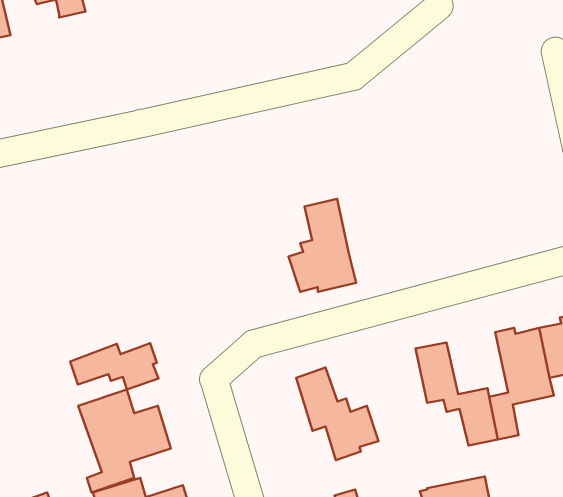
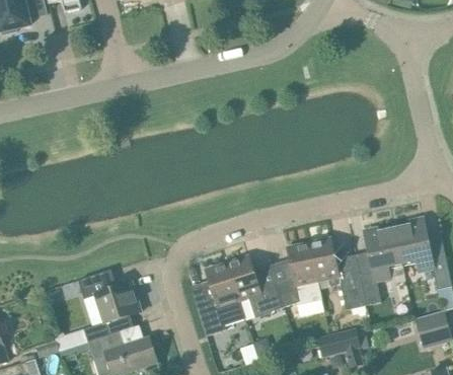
building: [288,199,356,292] -> [276,241,322,305]
building: [70,343,158,390] -> none
building: none -> [196,261,245,334]

